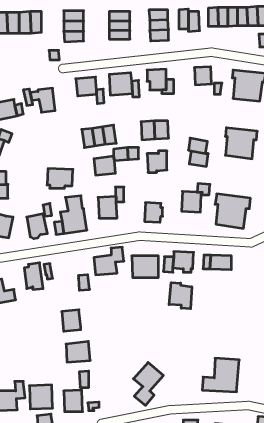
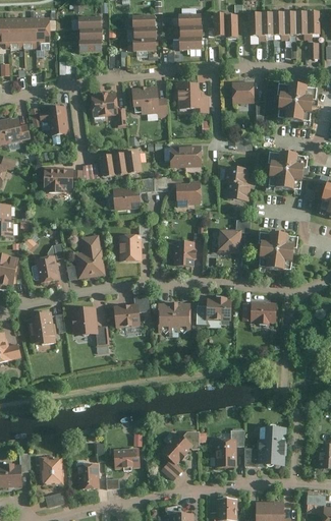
building: [47,169,73,188] -> [42,169,72,192]
building: [169,283,192,309] -> none
building: [62,310,81,331] -> [72,308,95,334]
building: [66,341,90,362] -> [114,447,143,471]
building: none -> [213,429,243,468]

